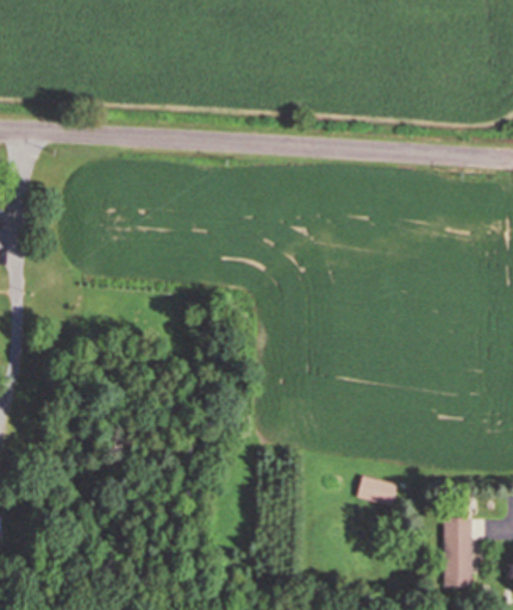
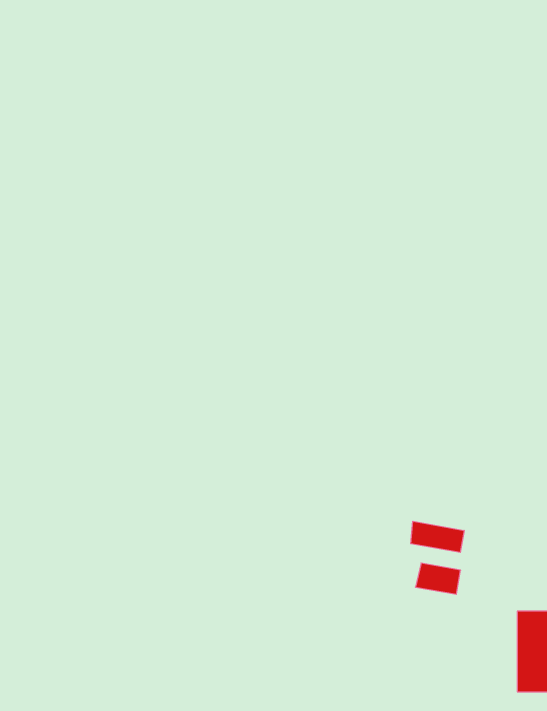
building: none -> [411,521,464,552]

